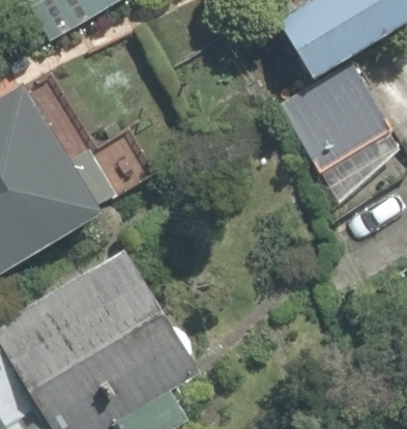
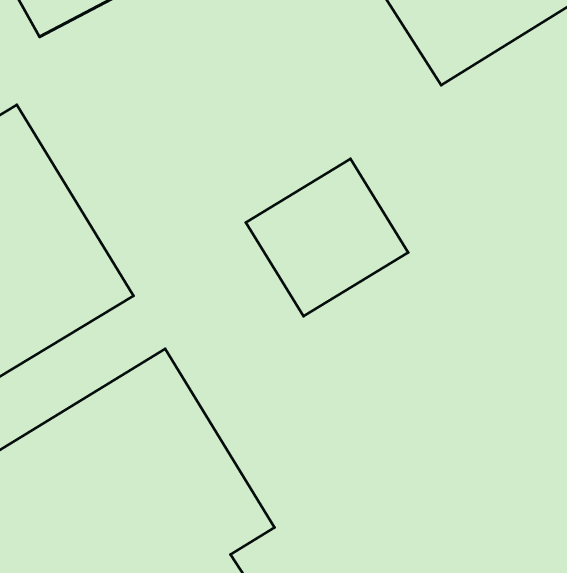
building: [281,58,391,166] -> [246,159,408,316]

